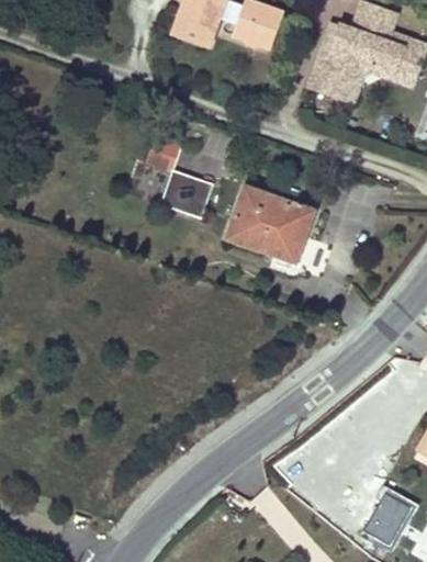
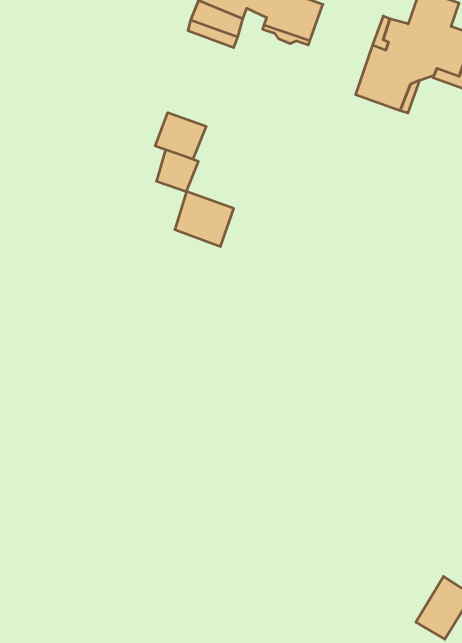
building: none -> [155,113,206,159]
building: [226,186,313,260] -> none

